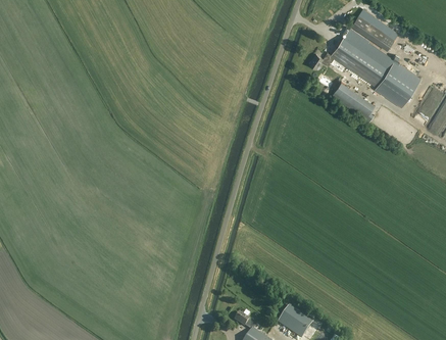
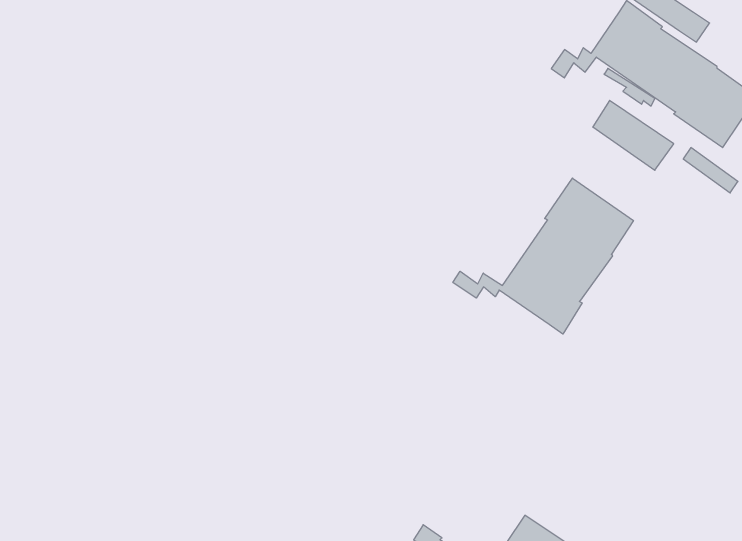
building: none -> [453,178,633,334]

